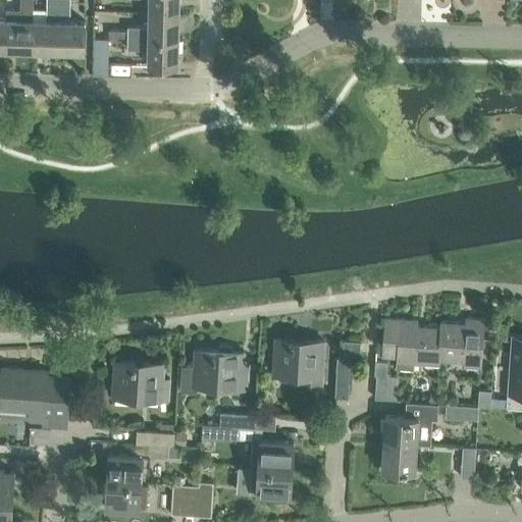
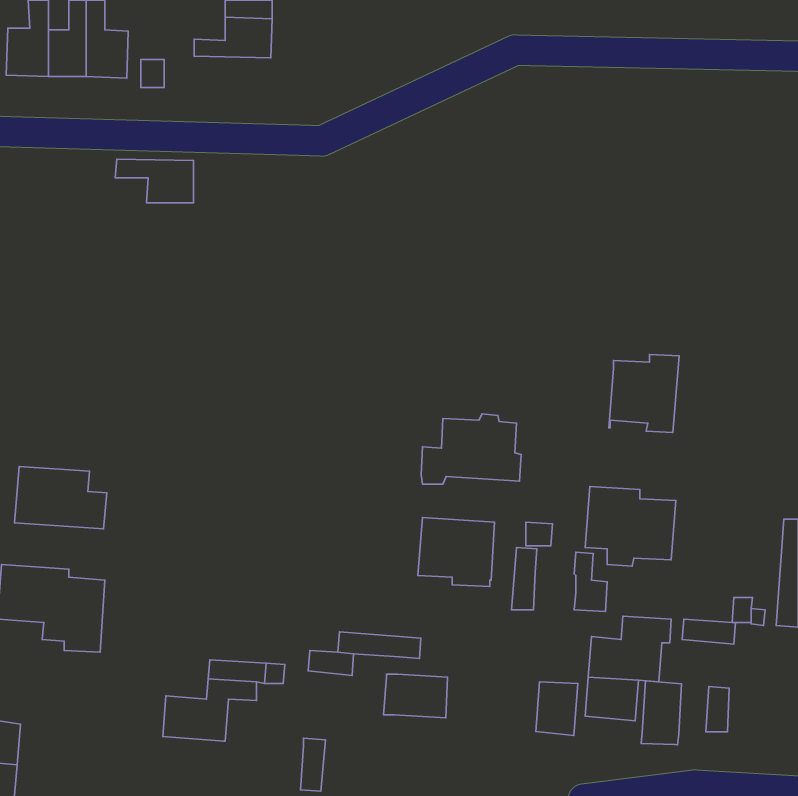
building: [125,39,176,67] -> [115,159,194,203]
building: [437,319,483,370] -> [609,354,679,433]
building: [179,349,245,395] -> [421,414,521,484]
building: [112,362,172,403] -> [14,466,107,529]
building: none -> [641,681,682,745]
building: none -> [536,682,578,735]
building: [248,468,291,497] -> none
building: [104,482,147,511] -> none
building: [169,485,198,517] -> none

